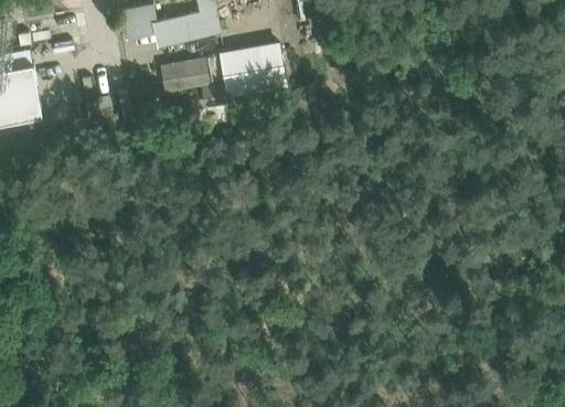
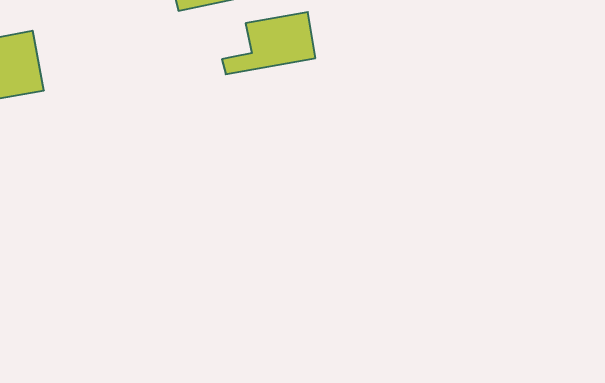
building: [173,57,211,89] -> none

